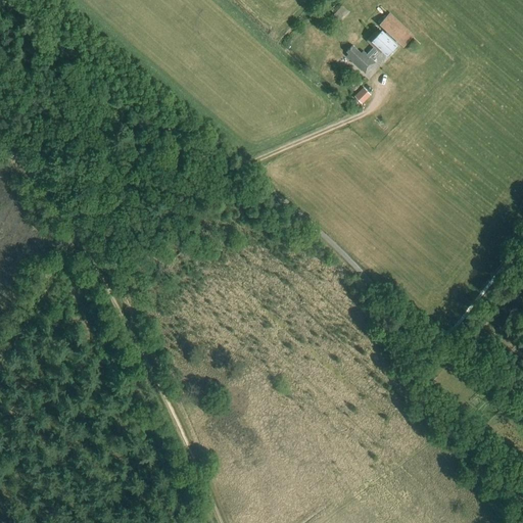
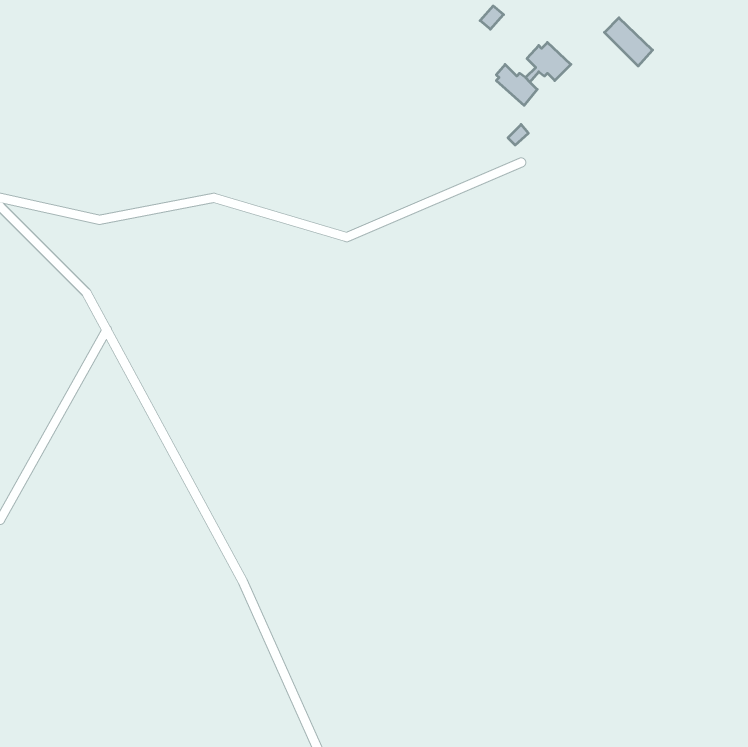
building: [380,14,414,48] -> [604,18,653,66]

